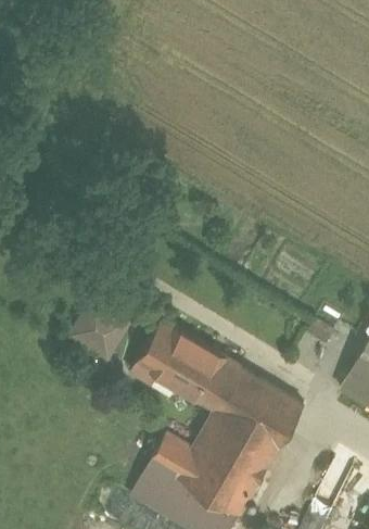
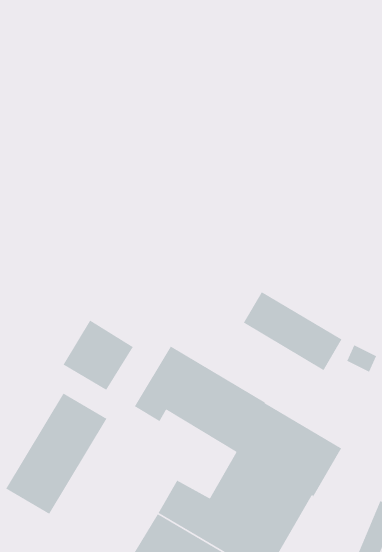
building: none -> [243,291,343,371]
building: none -> [5,392,107,515]

